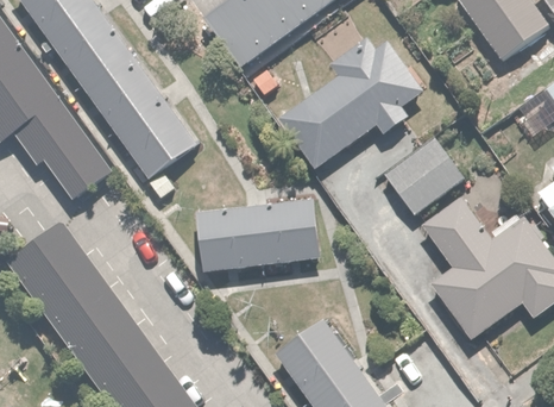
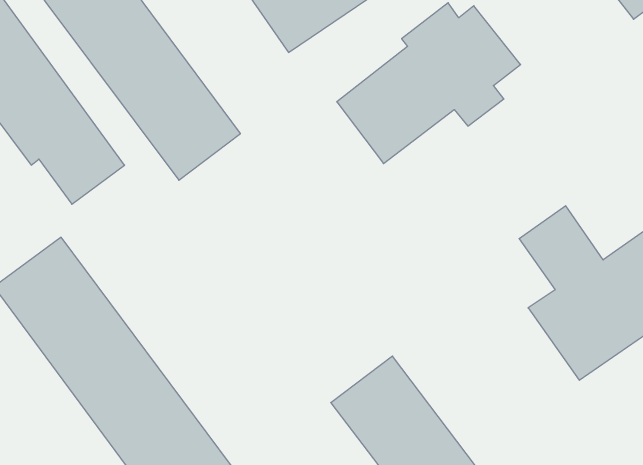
building: [385,140,465,218] -> none
building: [195,196,320,271] -> none

